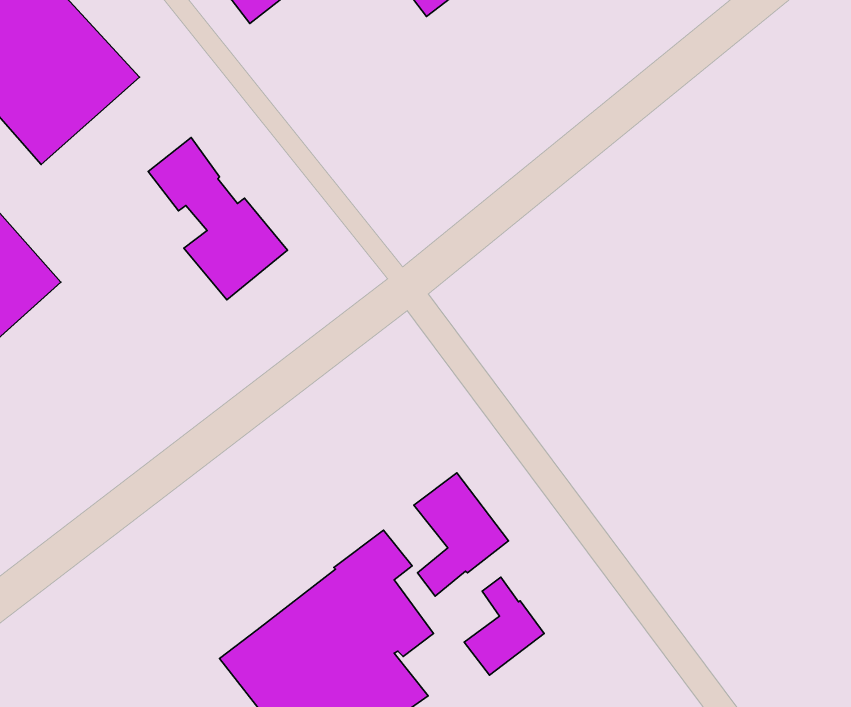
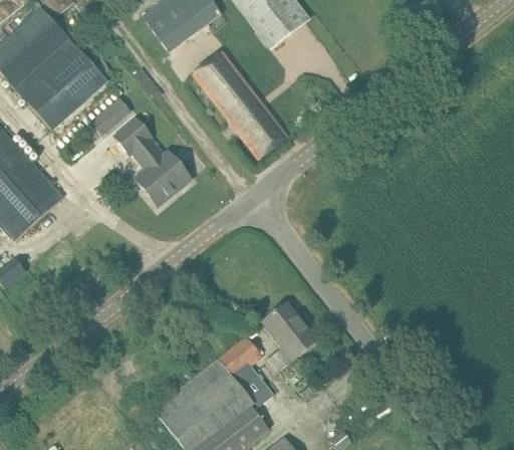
building: none -> [192,52,287,160]
building: none -> [90,98,128,134]
building: [464,577,544,675] -> none

